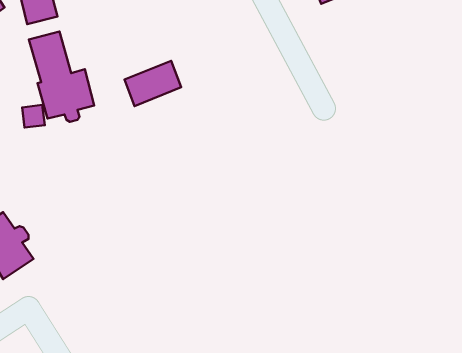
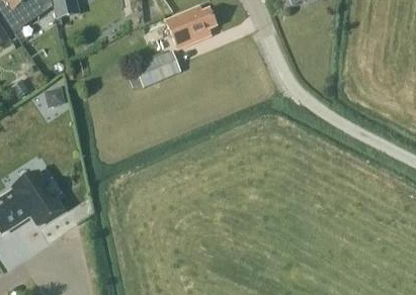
building: none -> [165,6,216,48]
building: [29,31,94,122] -> none

